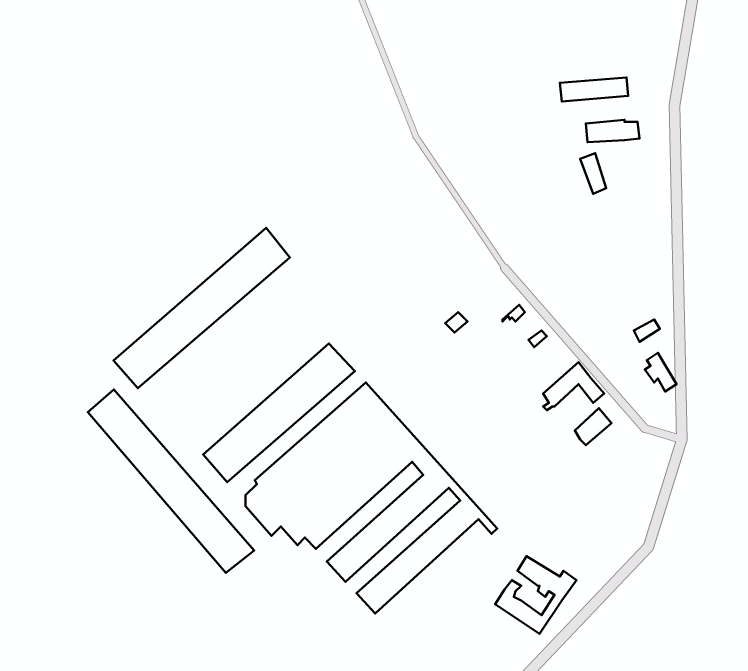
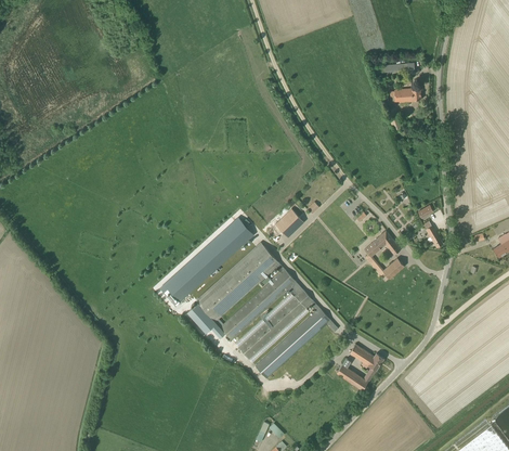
building: [114,228,290,388] -> none
building: none -> [275,208,304,237]
building: [88,389,254,573] -> none

